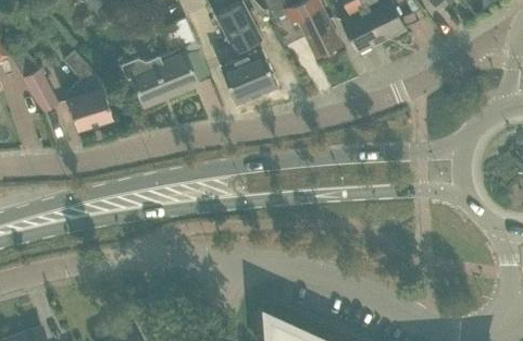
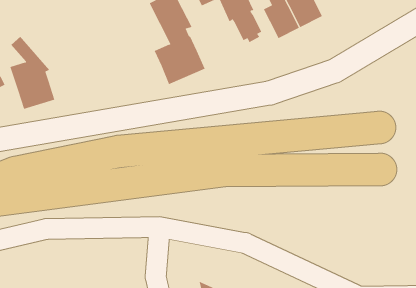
building: [122,20,200,108] -> none

